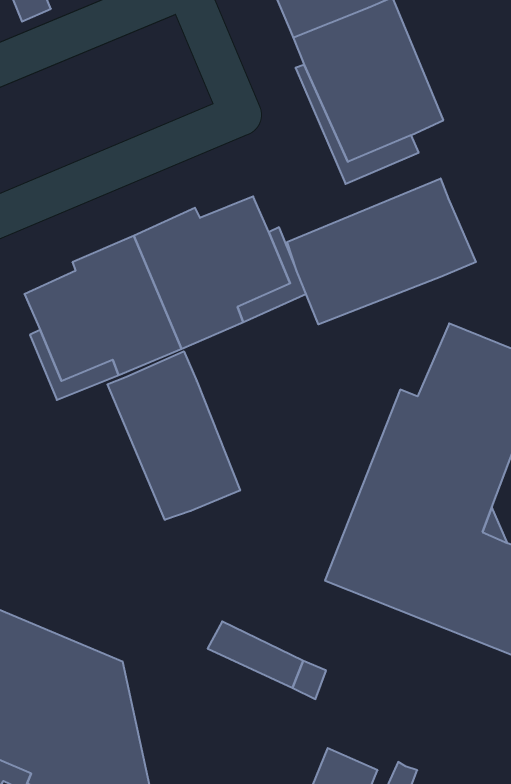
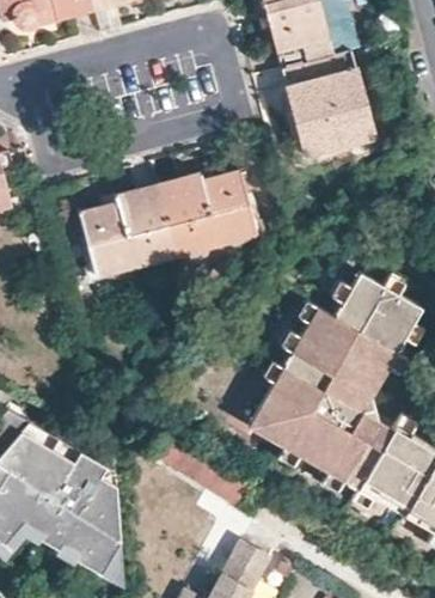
building: [287,178,476,324] -> none
building: [107,351,240,520] -> none

